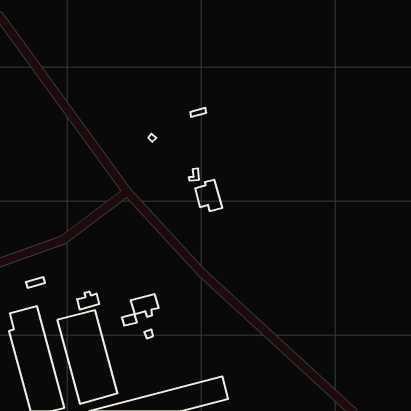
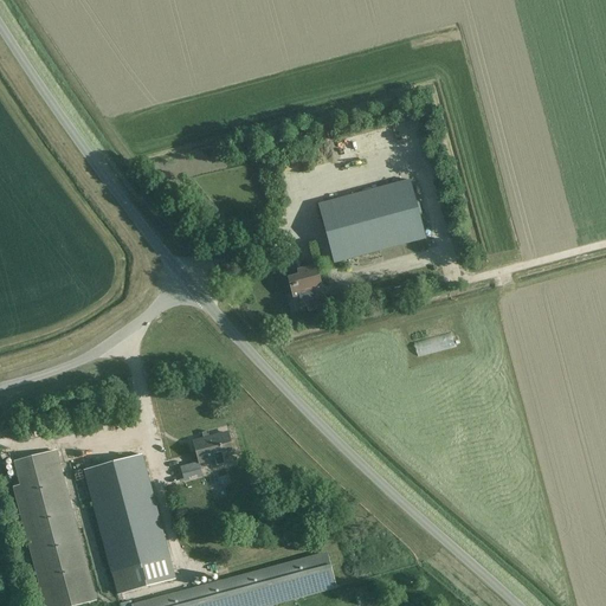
building: none -> [318,181,423,260]
building: [77,291,99,310] -> none

